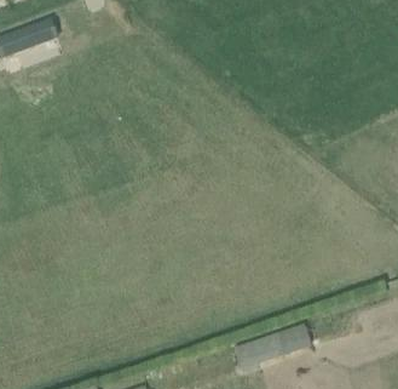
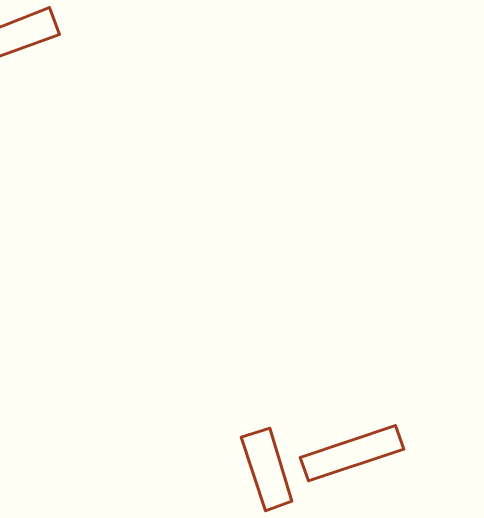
building: none -> [241,428,292,511]

